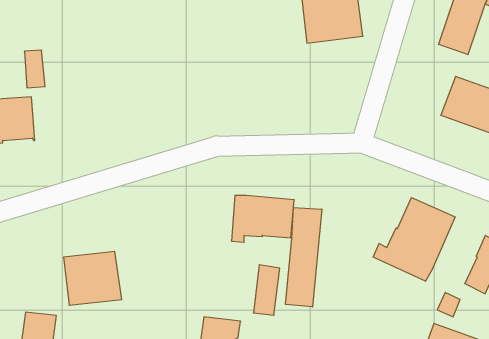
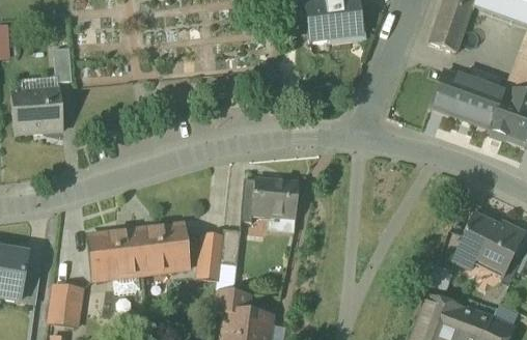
building: [373,198,455,281] -> none
building: [286,207,322,307] -> none
building: none -> [137,223,189,273]
building: [253,265,280,315] -> [200,232,224,278]

